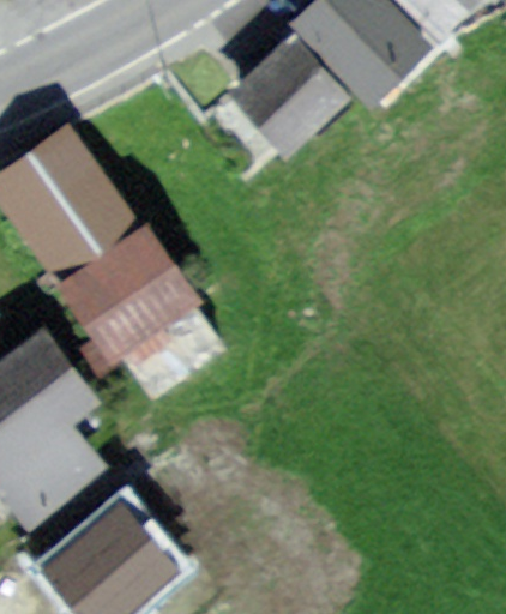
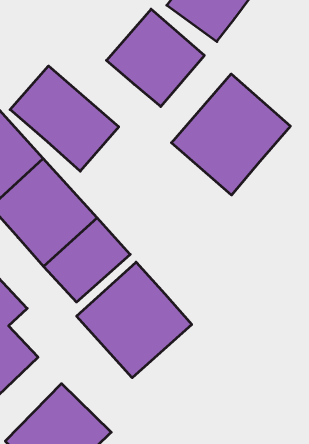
building: none -> [10,66,119,171]
building: none -> [171,74,290,195]
building: none -> [77,262,192,378]

